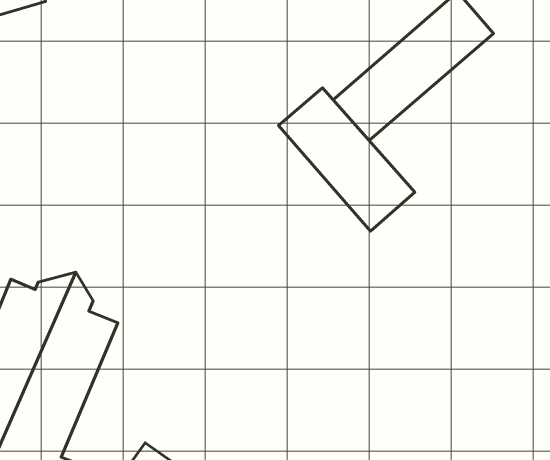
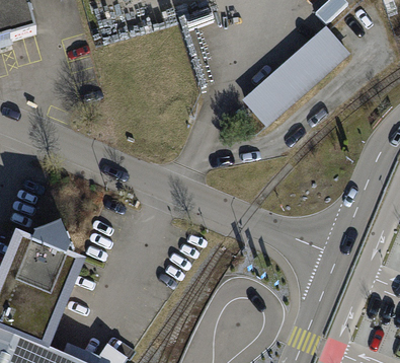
building: [278,88,415,231] -> none

